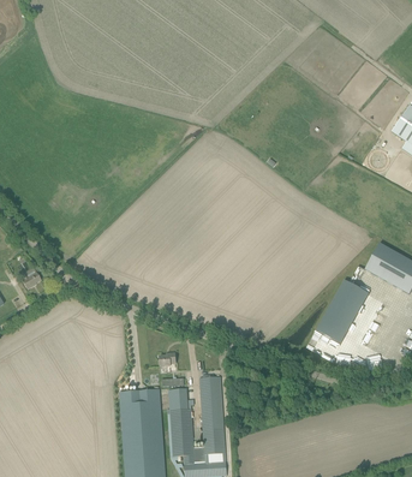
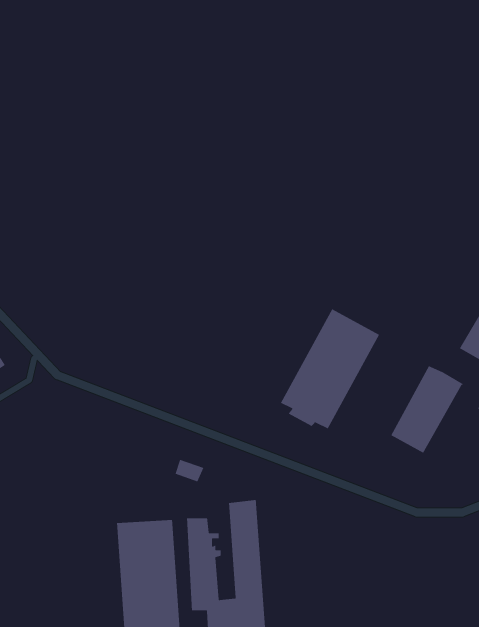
building: none -> [280,308,380,429]

